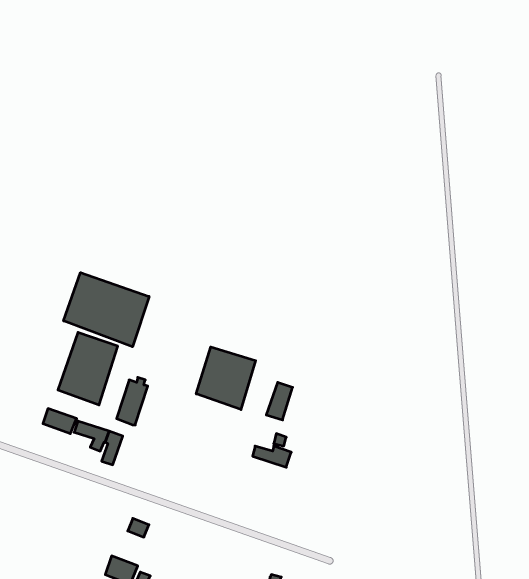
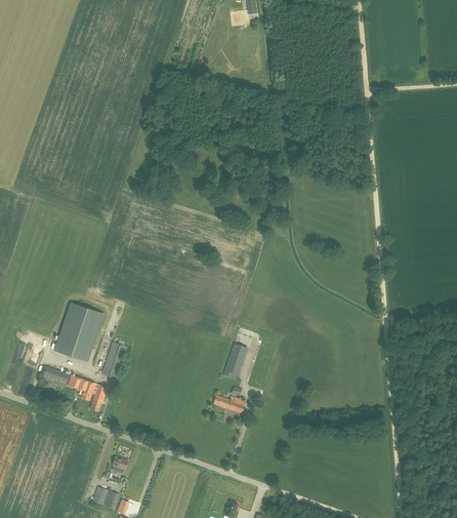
building: [64,273,149,347] -> none
building: [196,347,256,410] -> none

